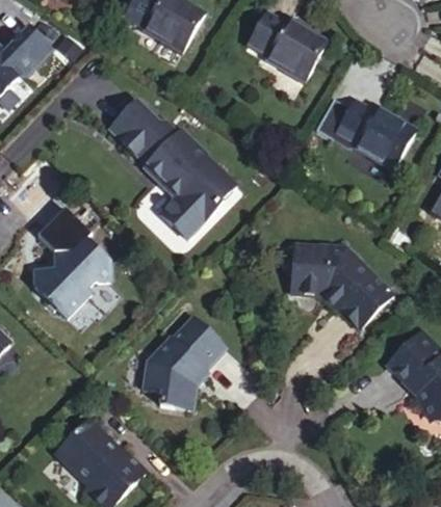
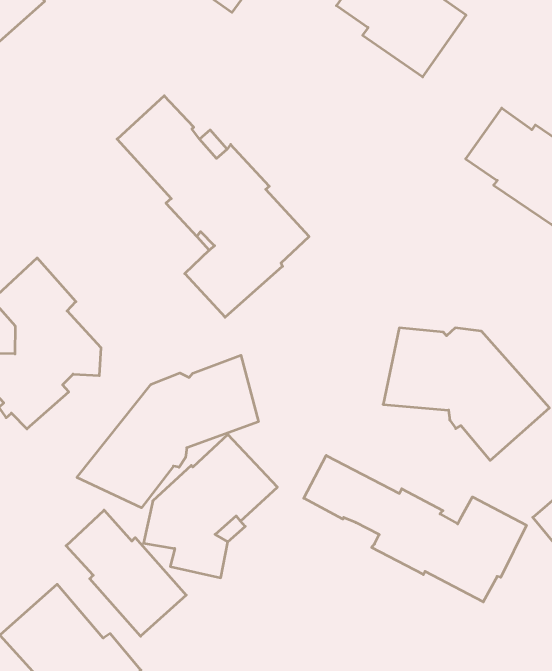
building: none -> [77,355,258,508]
building: none -> [304,455,526,602]
building: none -> [66,510,186,636]

